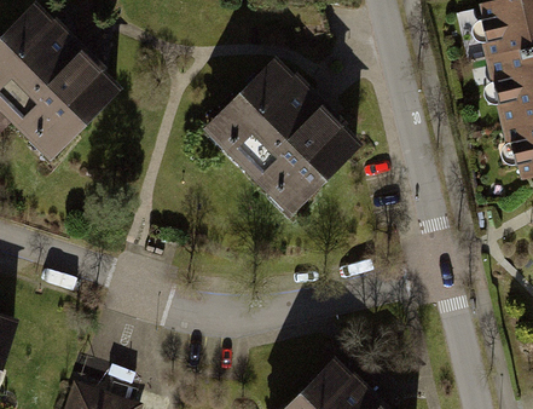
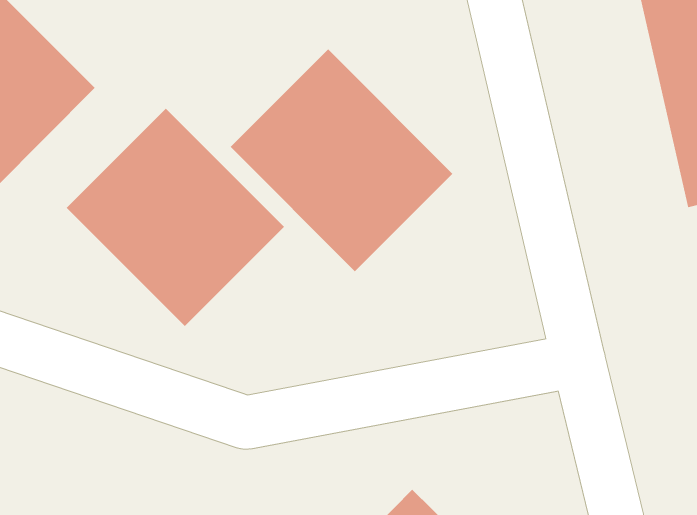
building: none -> [66,108,285,327]

